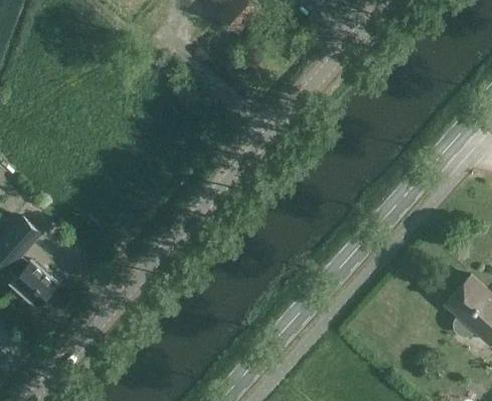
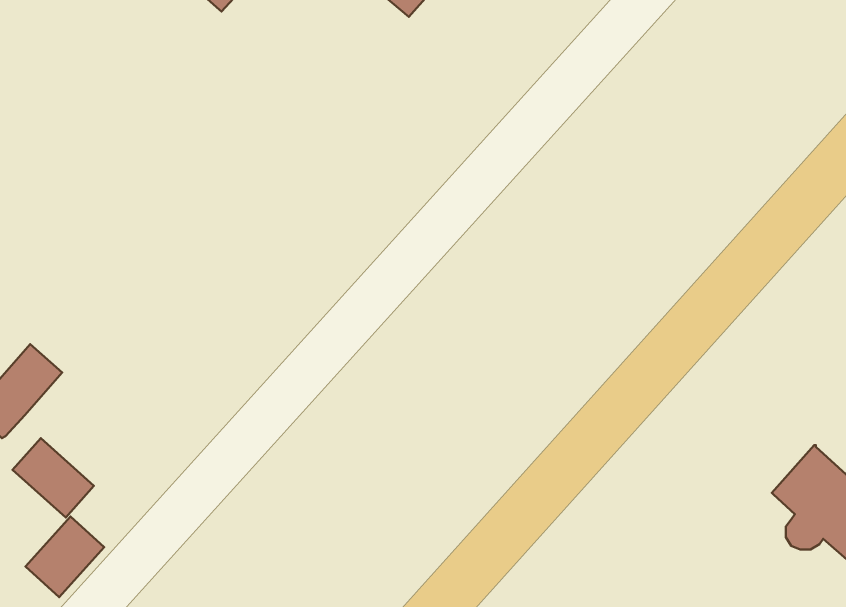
building: none -> [25,517,104,597]

